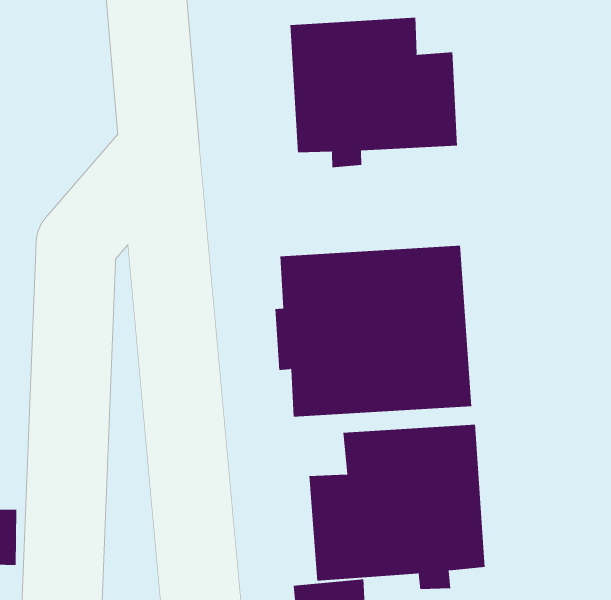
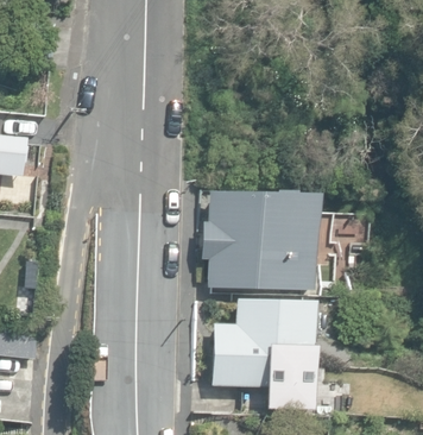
building: [290,17,458,168] -> none

